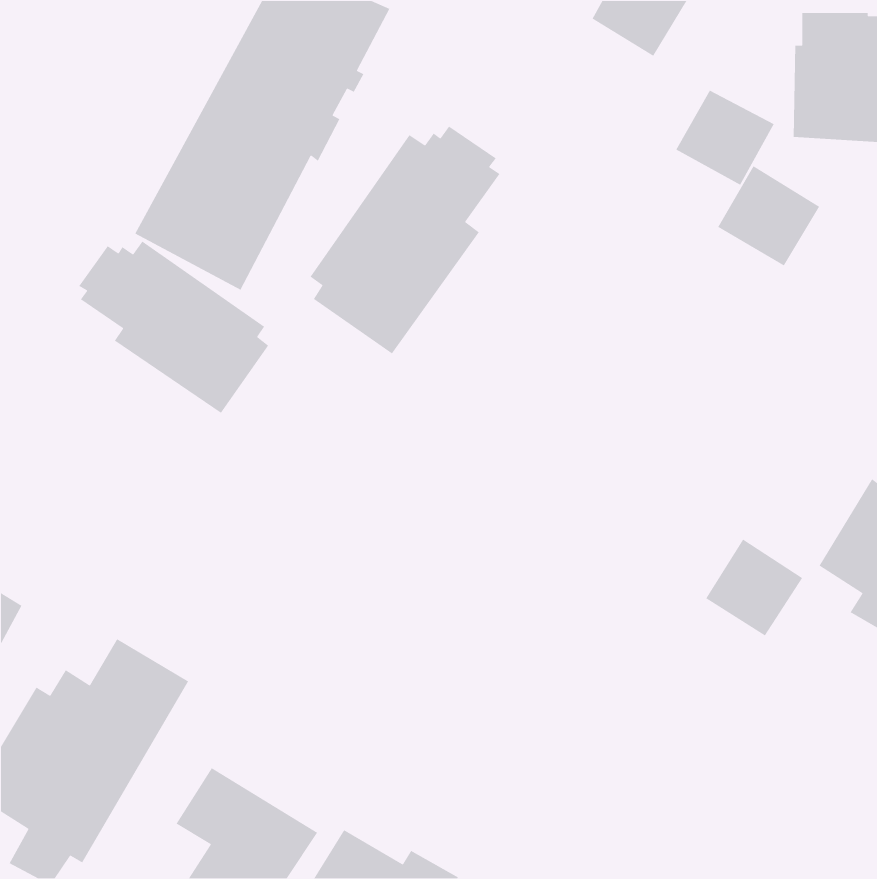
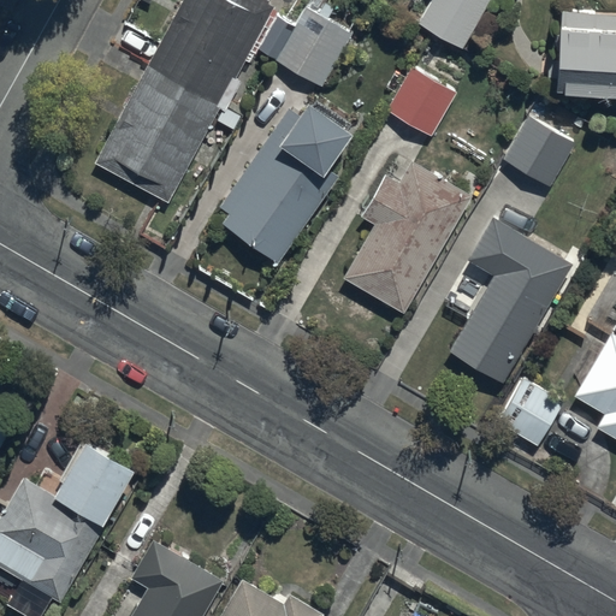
building: none -> [276,7,354,88]
building: [675,90,775,186] -> [387,69,457,136]
building: none -> [343,162,470,314]
building: [78,240,269,414] -> none
building: none -> [450,219,574,385]

